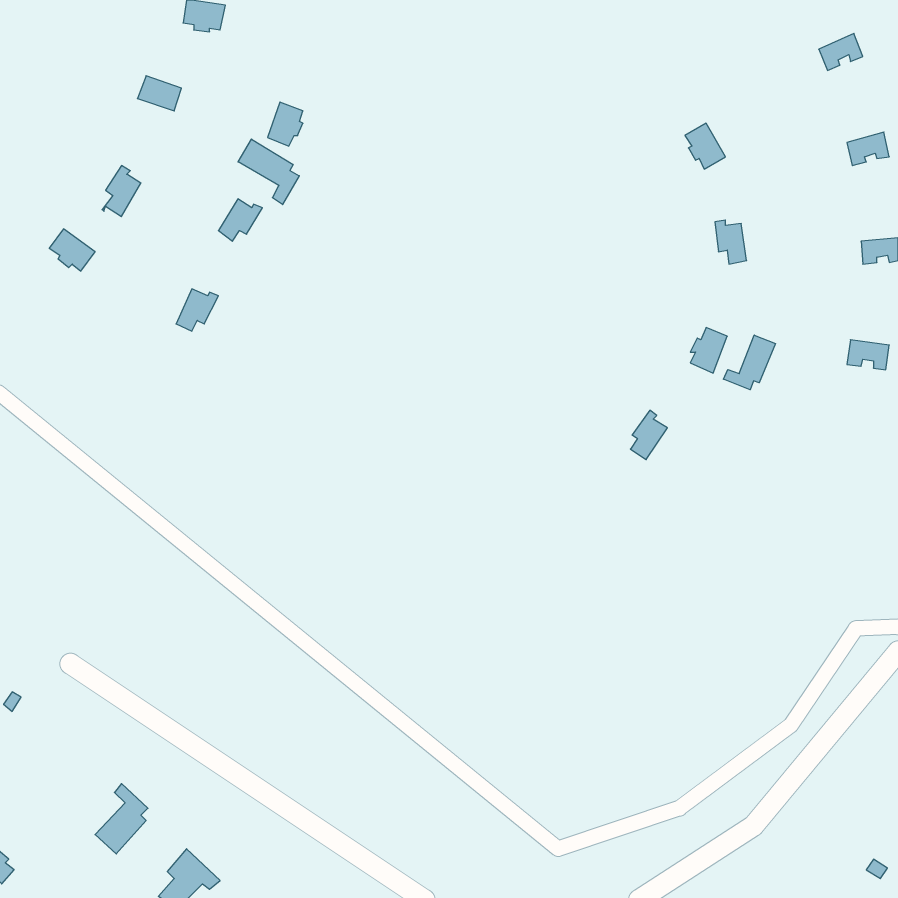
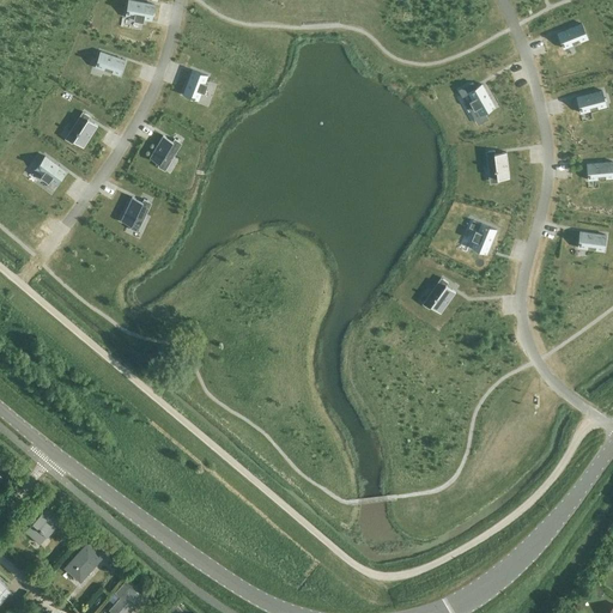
building: [238,139,299,205] -> none
building: [723,335,776,390] -> none
building: none -> [24,506,61,545]

